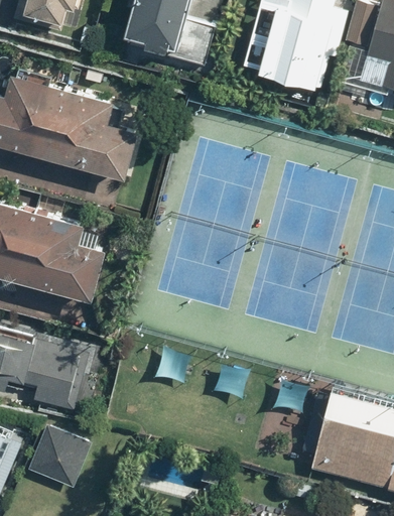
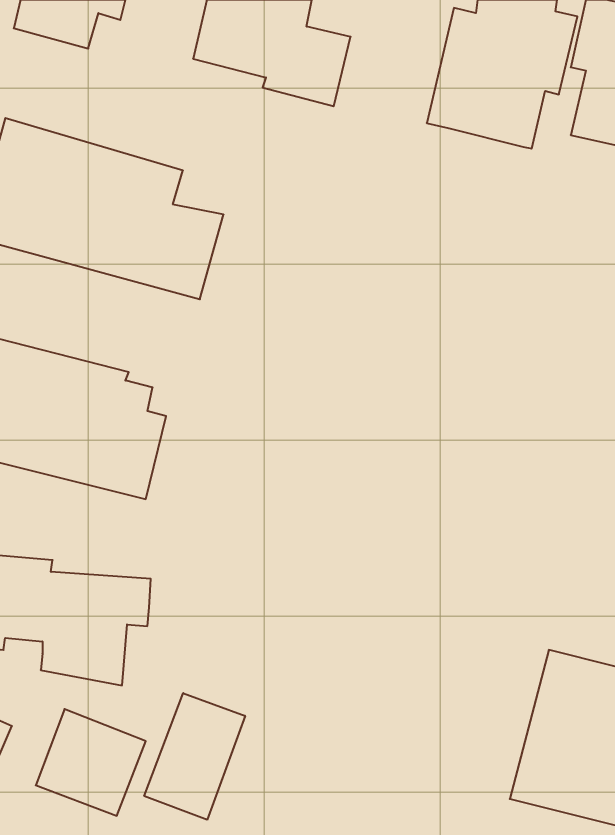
building: none -> [144,693,245,820]

